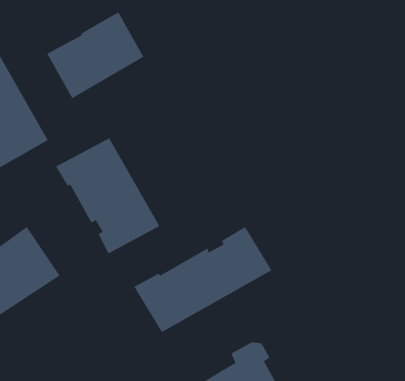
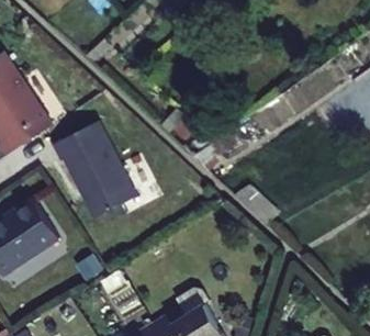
building: [46,11,144,99] -> none
building: [133,226,272,333] -> none

